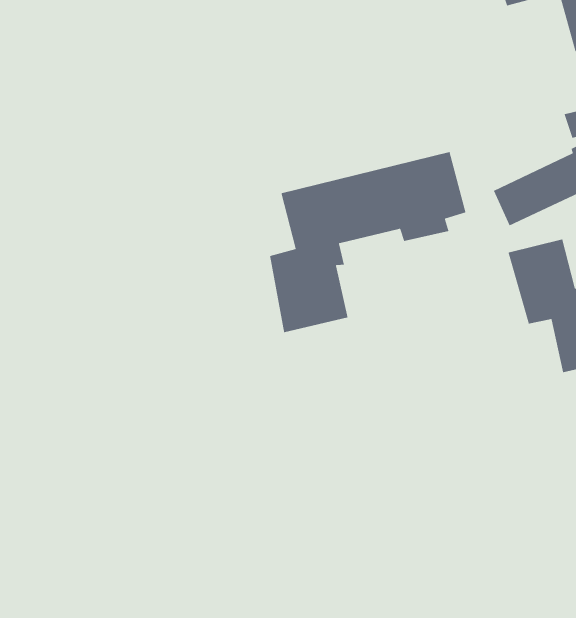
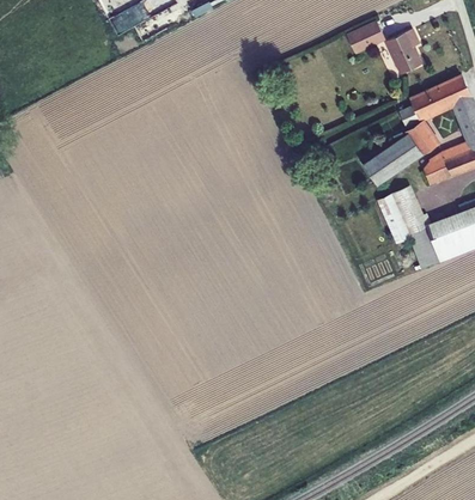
building: [269,151,466,333] -> none

